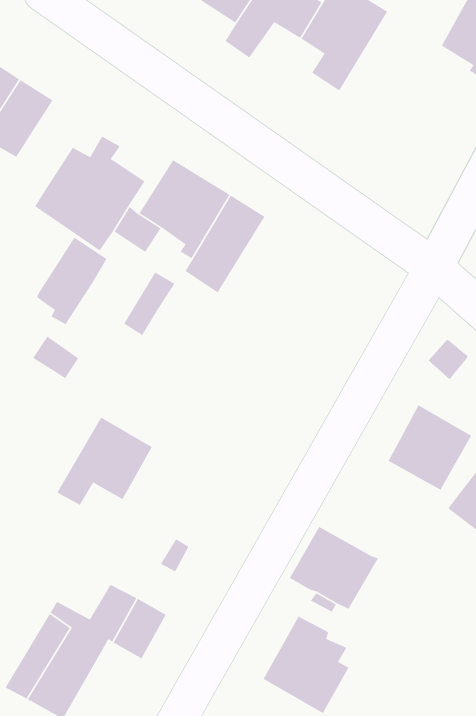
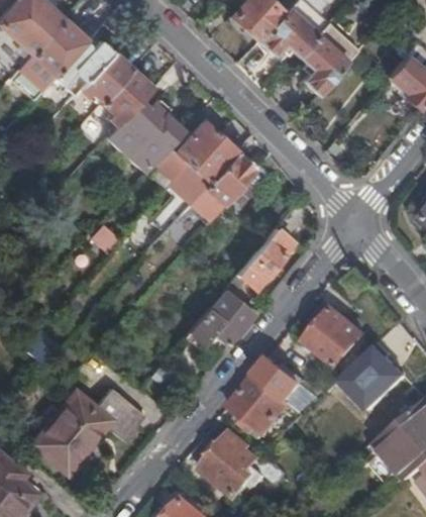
building: [36,236,108,325] -> [99,71,149,127]
building: none -> [234,229,293,292]
building: [56,417,153,506] -> [185,291,252,347]
building: none -> [254,357,301,401]

